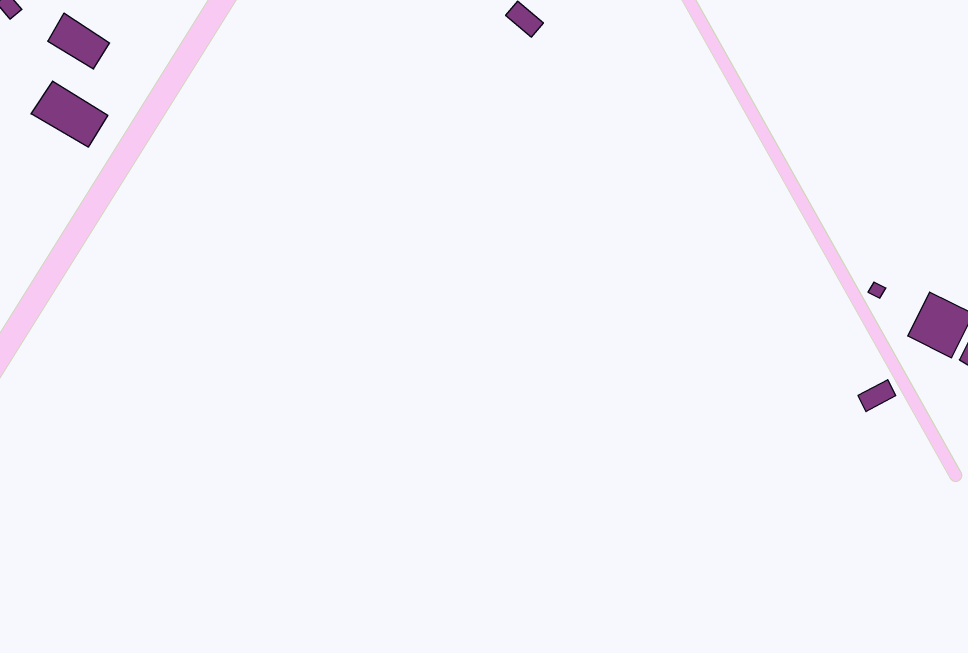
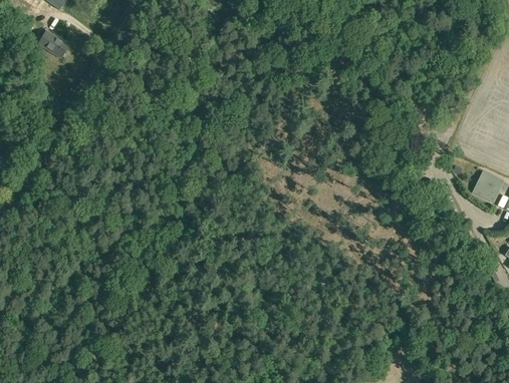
building: [31,81,108,147] -> none

